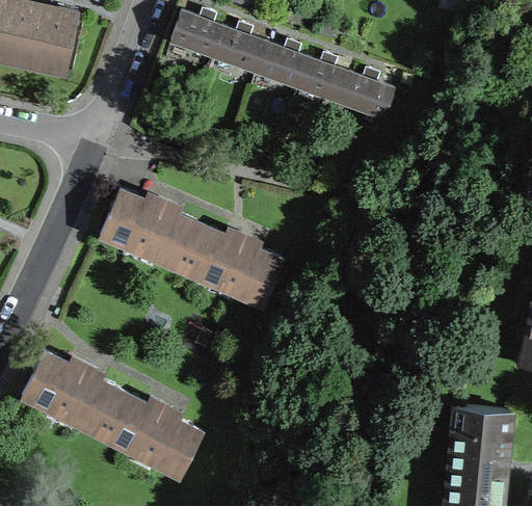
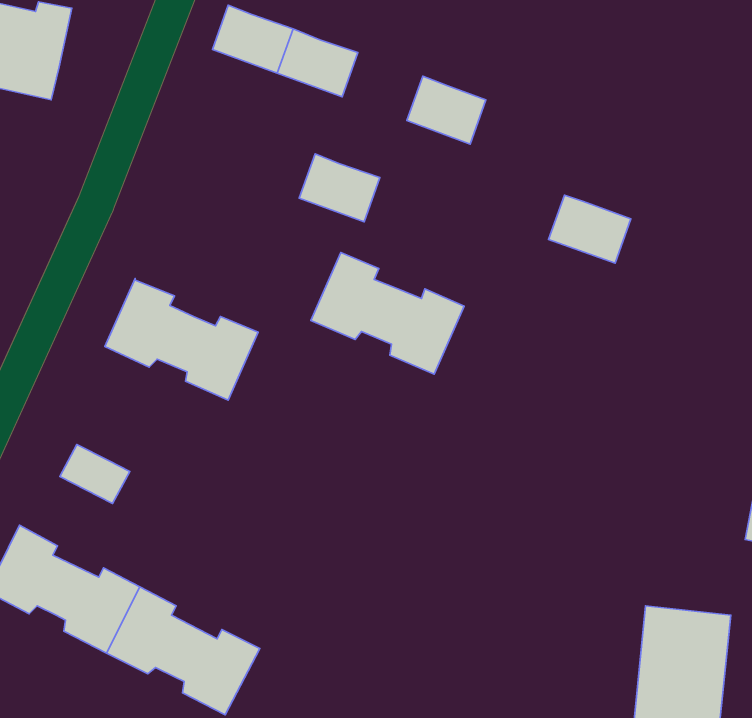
building: [257,43,310,87] -> [299,154,380,222]
building: [341,74,395,118] -> [549,195,631,263]
building: [182,227,283,307] -> [311,253,464,374]
building: none -> [60,444,130,504]

